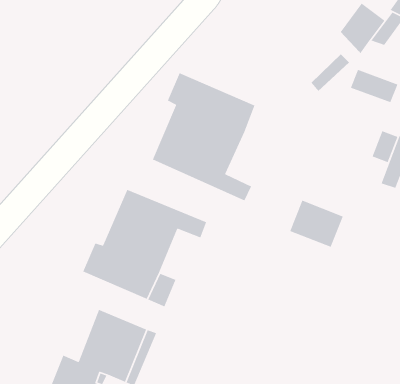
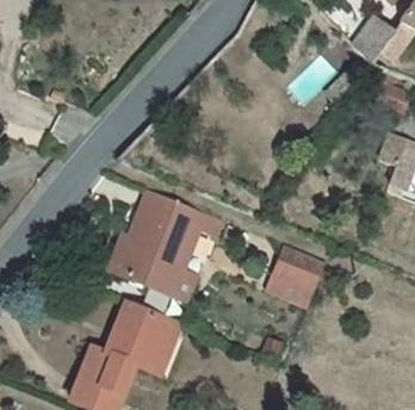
building: [152,72,255,202] -> none
building: [289,200,344,248] -> [274,243,326,288]

